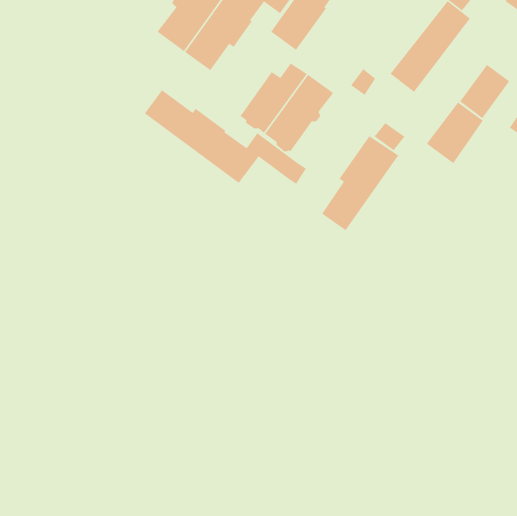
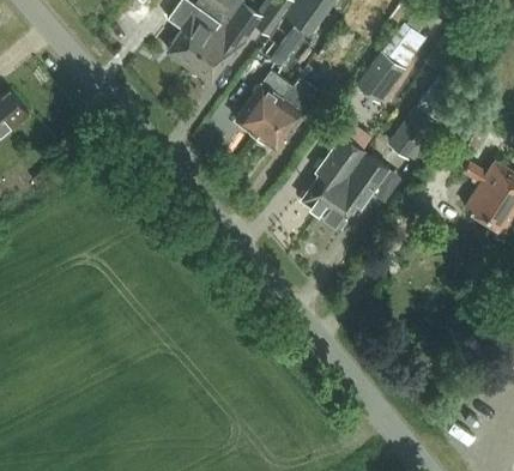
building: [144,89,307,185] -> none
building: none -> [322,155,388,229]

